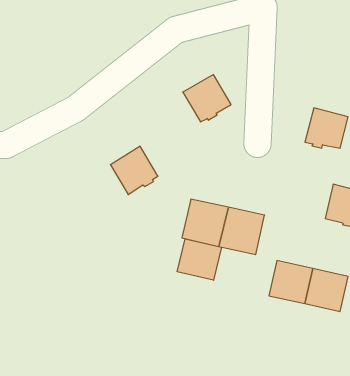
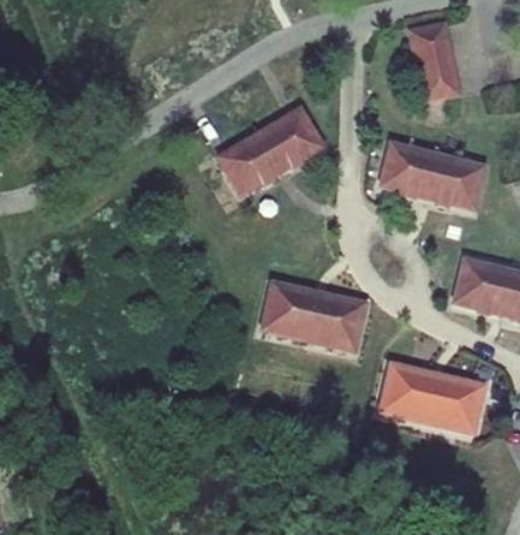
building: none -> [410,22,460,101]
building: none -> [378,141,438,201]
building: [110,146,158,195] -> [219,131,283,197]
building: [177,239,222,280] -> none

